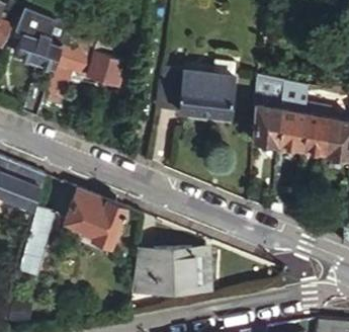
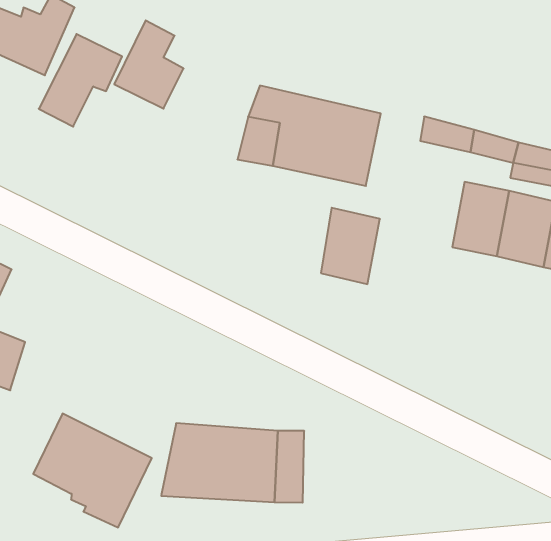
building: [253,107,282,147] -> [321,208,380,284]
building: [64,189,126,248] -> [33,414,152,527]

